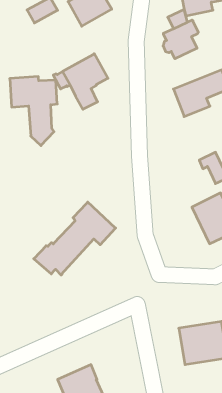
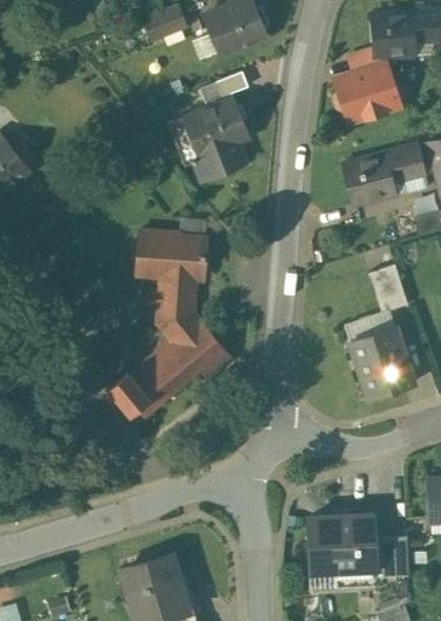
building: none -> [200,72,247,108]
building: [10,77,57,146] -> [136,230,206,335]

